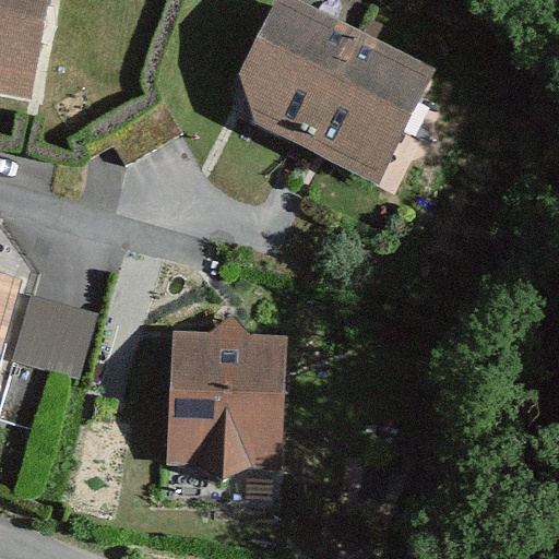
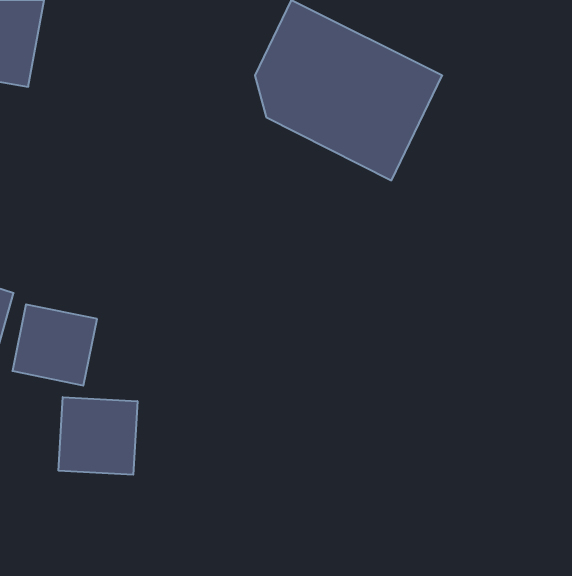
building: [174,340,281,466] -> none
building: none -> [59,397,137,475]

